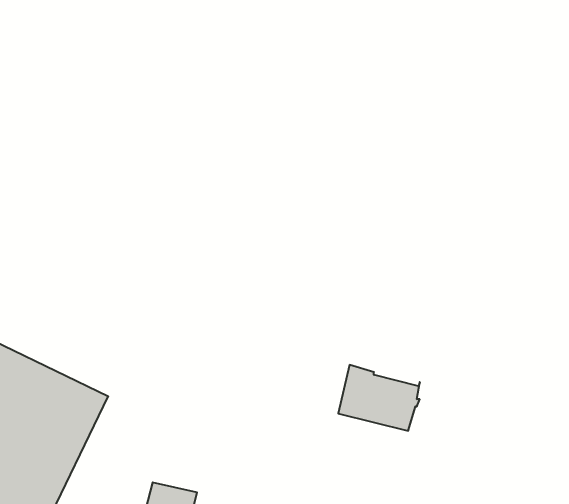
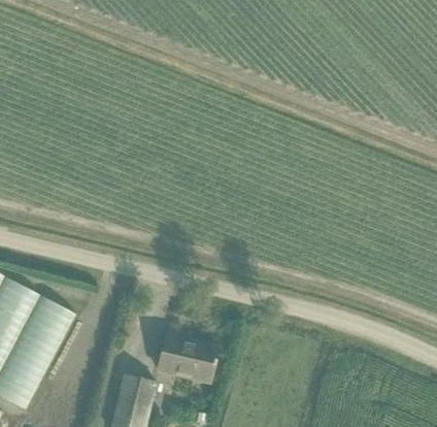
building: [338,365,420,431] -> [155,336,213,384]

